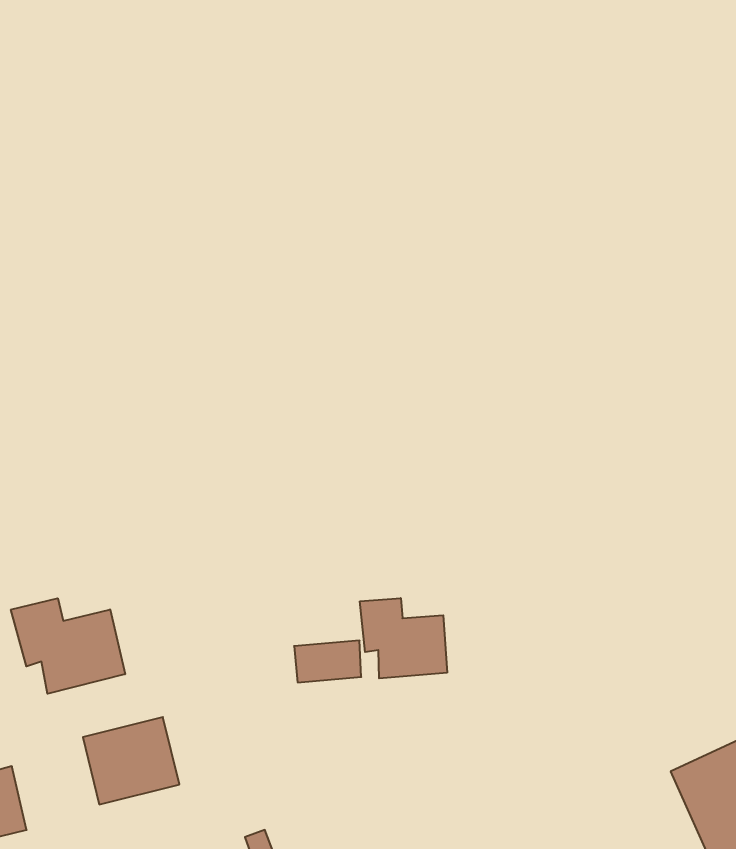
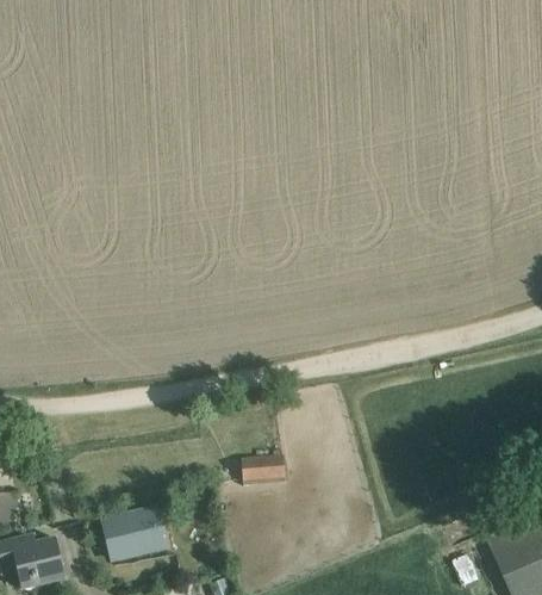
building: [360,598,447,678] -> none
building: [11,598,125,694] -> none

